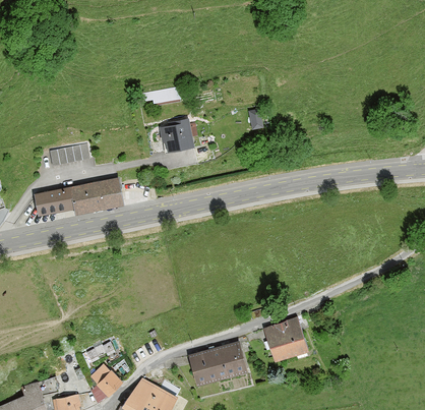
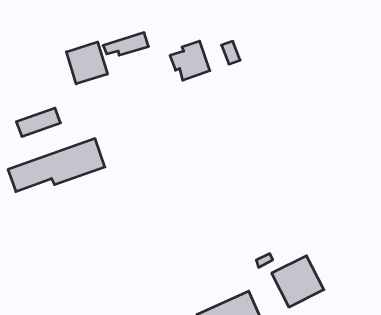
building: none -> [66,42,107,84]
building: [159,120,193,154] -> [170,41,210,80]

